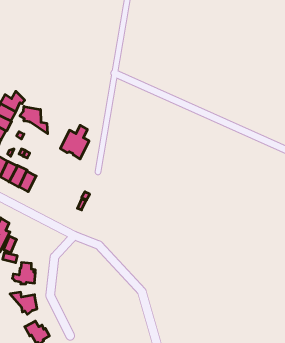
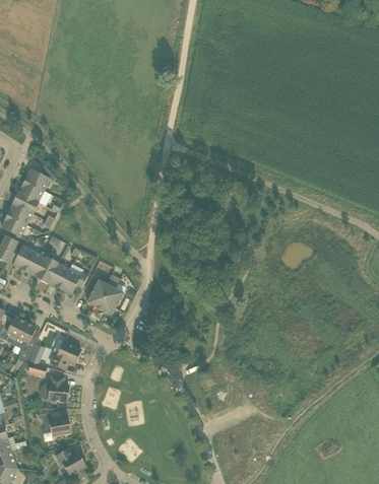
building: [20,106,48,134] -> none
building: [60,125,89,159] -> [86,272,122,314]
building: none -> [59,268,87,292]
building: none -> [50,339,80,368]

